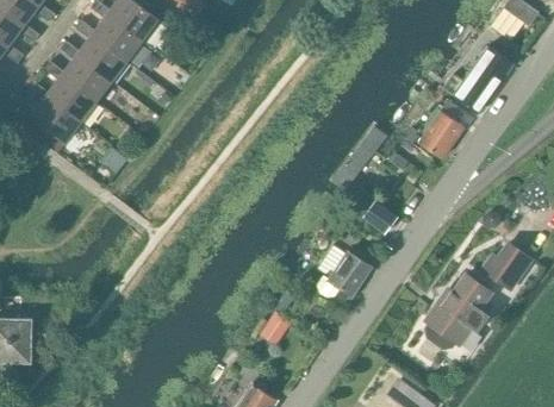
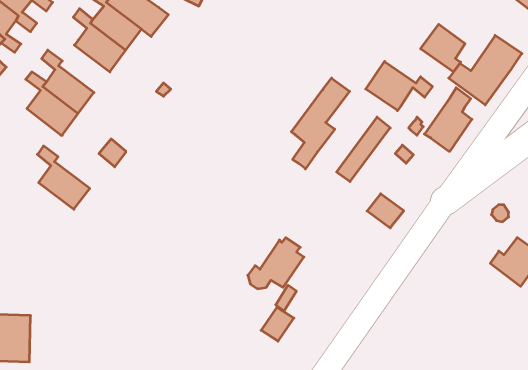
building: none -> [421,24,465,72]
building: [60,40,111,102] -> [37,146,90,209]
building: none -> [366,61,432,111]
building: none -> [291,78,350,169]
building: [317,248,372,298] -> [248,238,304,289]
building: [425,275,493,349] -> none

